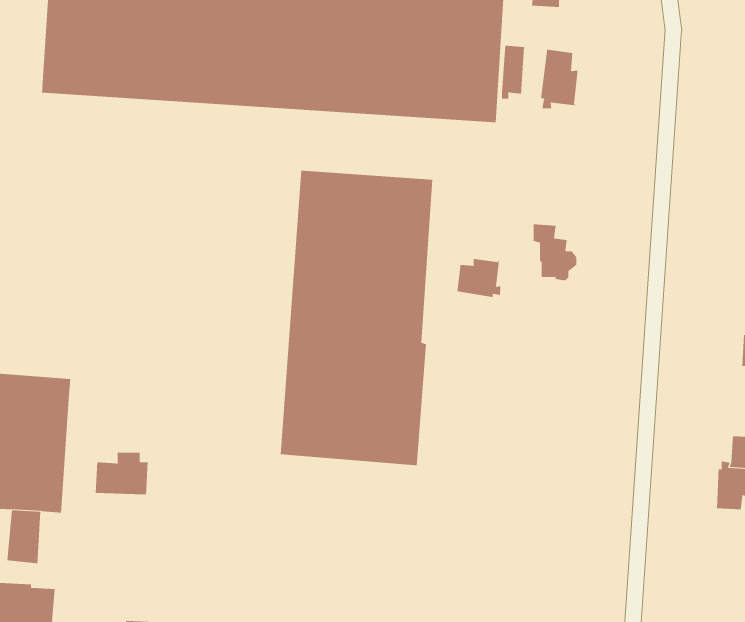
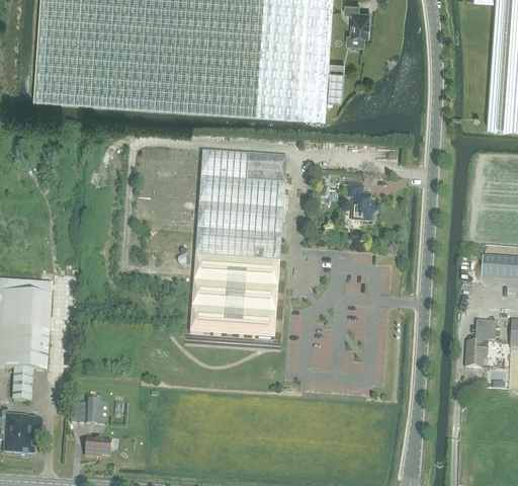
building: [540,49,578,109] -> none
building: [457,258,501,298] -> none
building: [95,452,149,495] -> [73,397,107,424]

